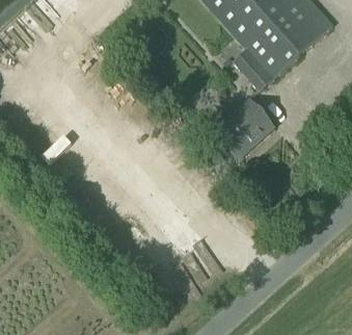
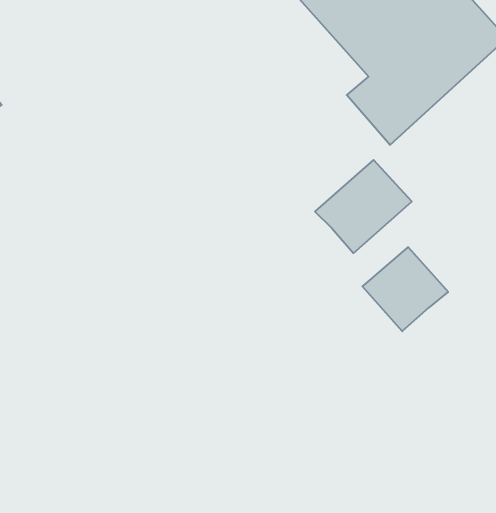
building: none -> [362,247,448,331]

